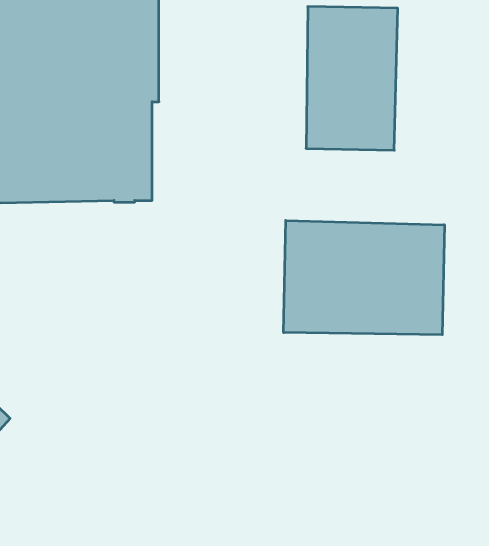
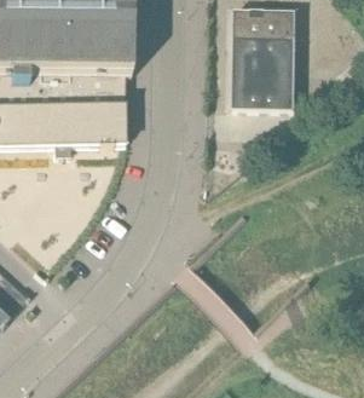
building: [284,220,444,335] -> none

